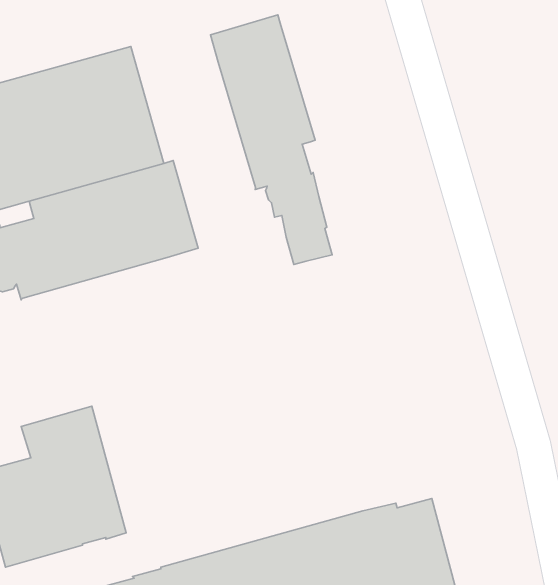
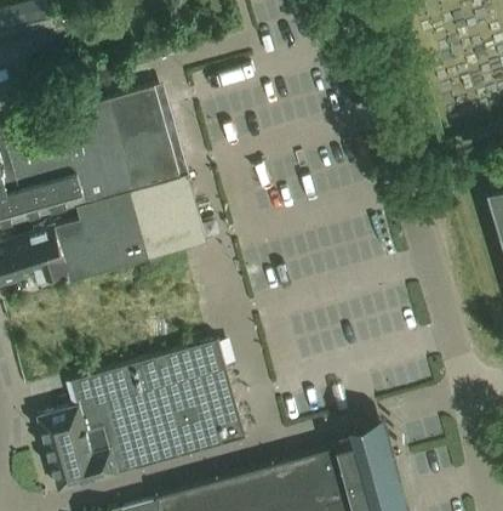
building: [210,15,332,265] -> none
building: none -> [124,340,244,465]

